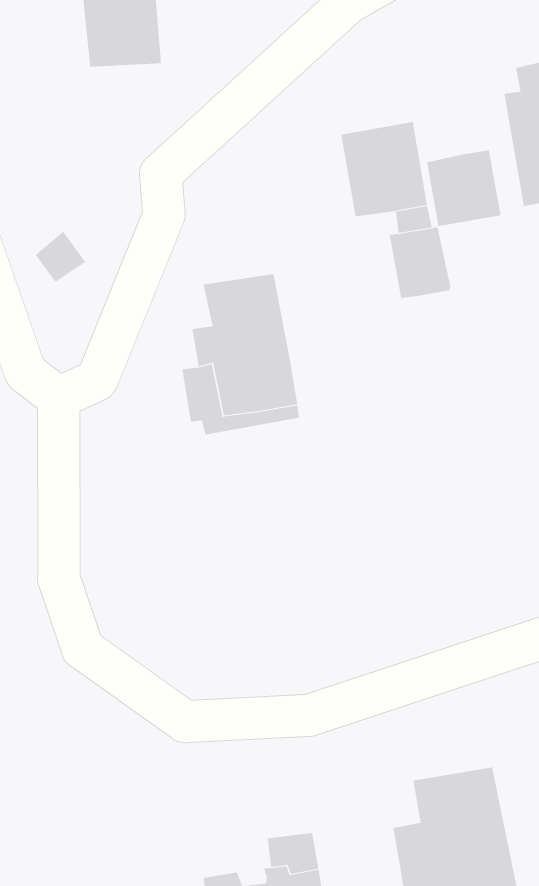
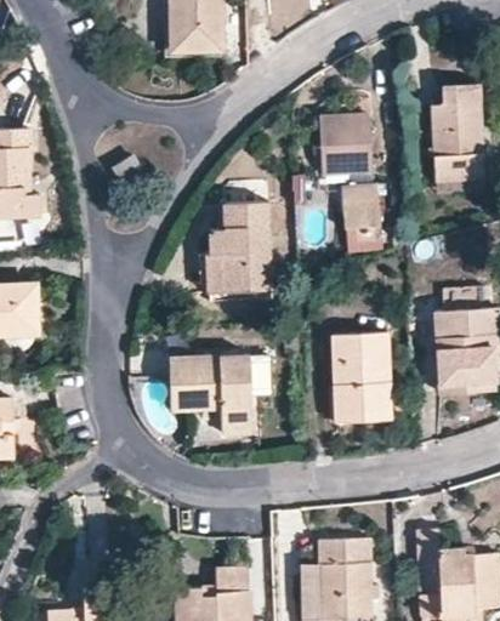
building: [427,150,501,227] -> none
building: none -> [330,330,387,421]
building: none -> [169,353,252,429]

